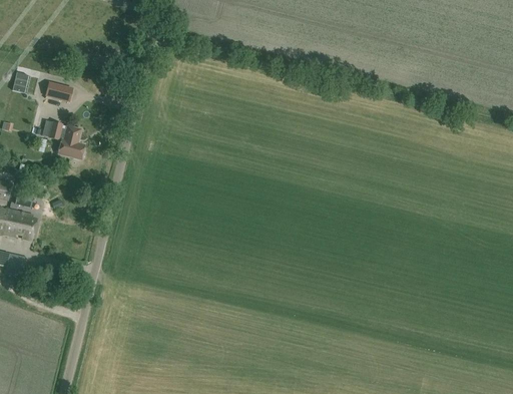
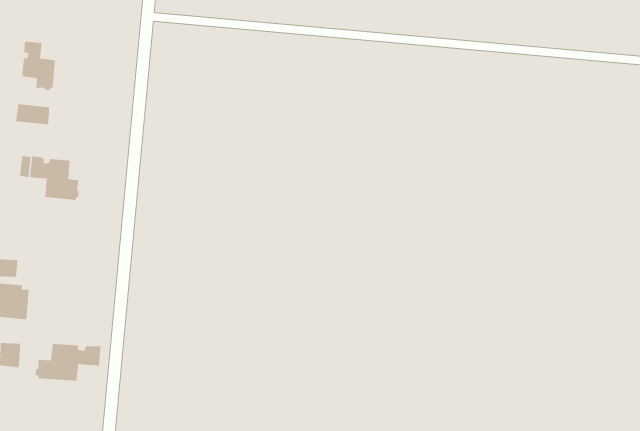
building: none -> [21,40,56,91]
building: none -> [34,343,102,382]

